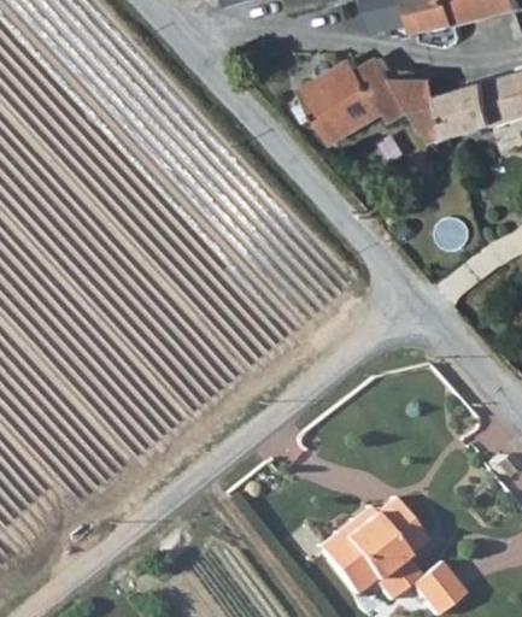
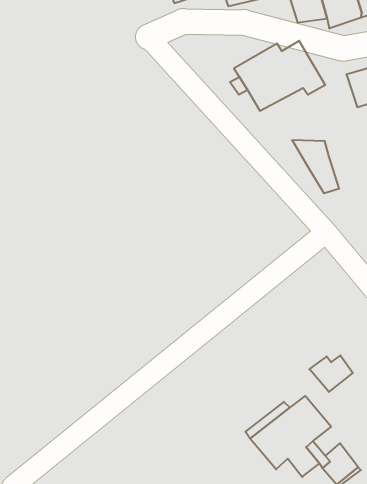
building: [399,76,458,142] -> [292,140,339,193]
building: none -> [309,355,353,392]

